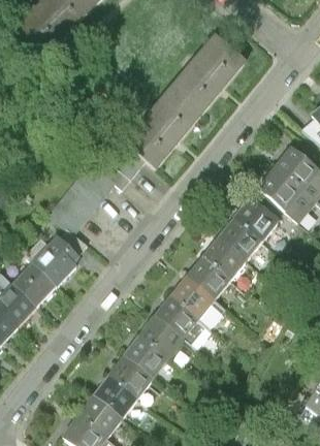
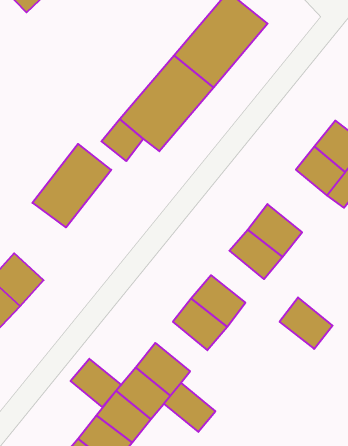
building: [239,196,285,240] -> none
building: [27,235,71,280] -> none
building: [192,255,236,298] -> [280,297,333,349]
building: [146,315,189,356] -> [164,383,215,432]
building: none -> [71,359,121,407]

